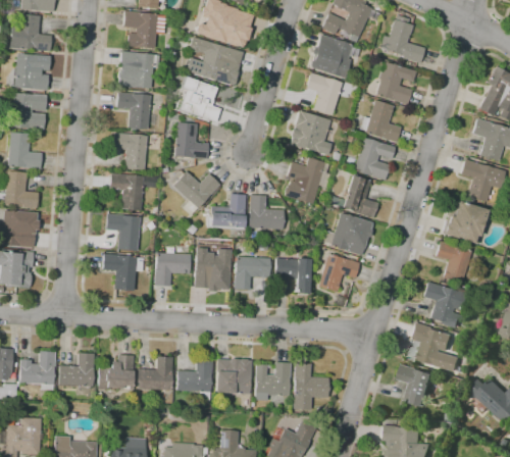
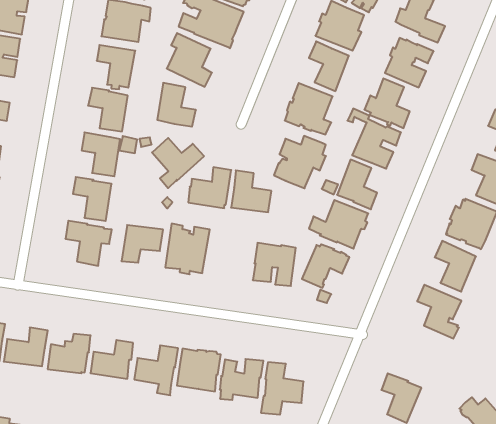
building: [236,257,273,291] -> none
building: [411,323,461,371] -> none

